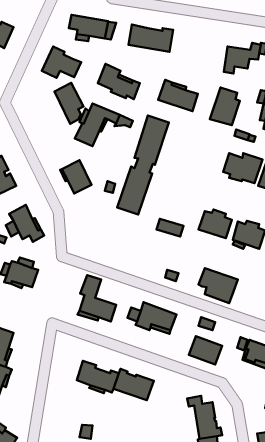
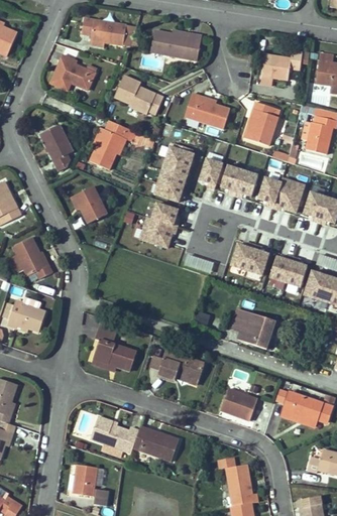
building: [54,83,83,124] -> [40,124,74,171]
building: none -> [200,158,259,198]
building: none -> [73,465,98,496]

